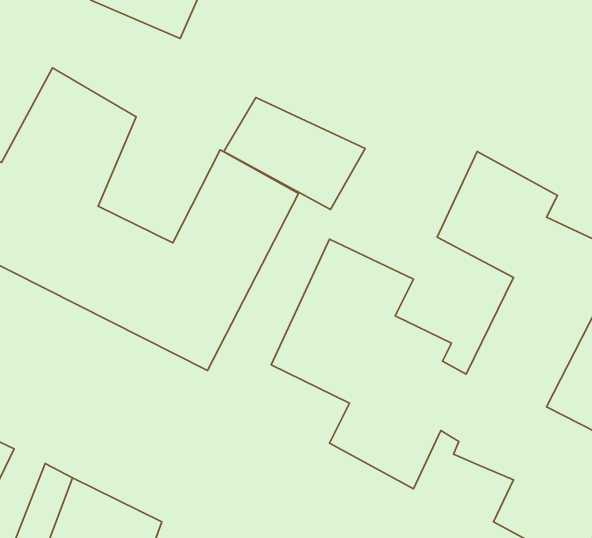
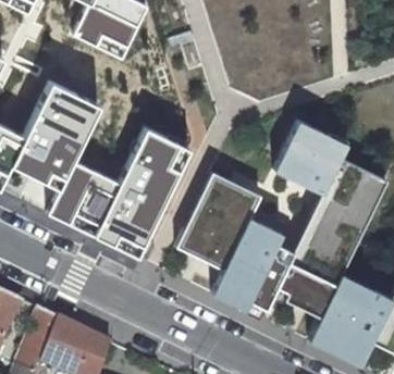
building: [224,97,365,209] -> none

